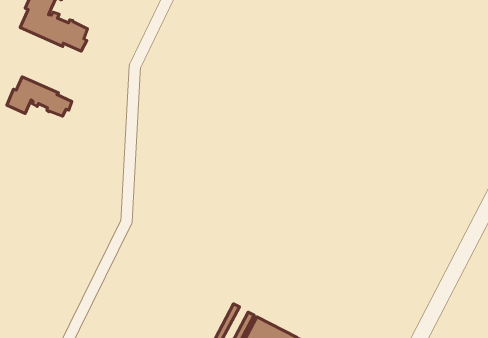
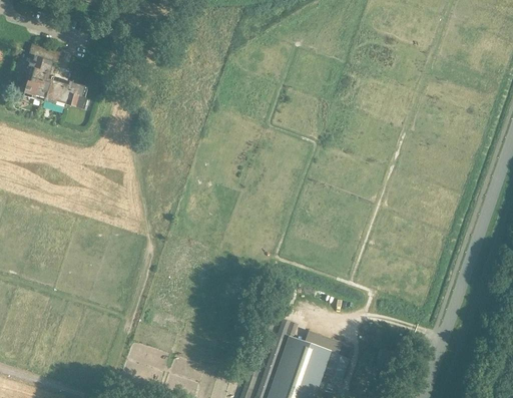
building: [7,77,72,116] -> none

